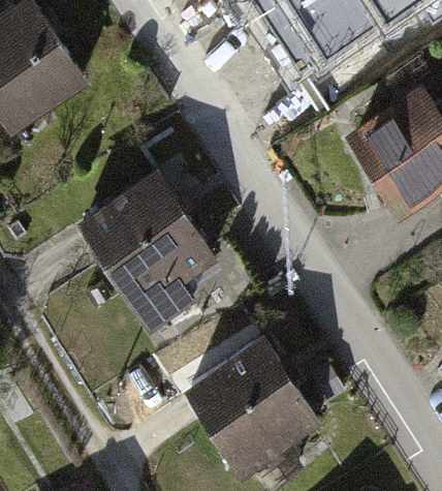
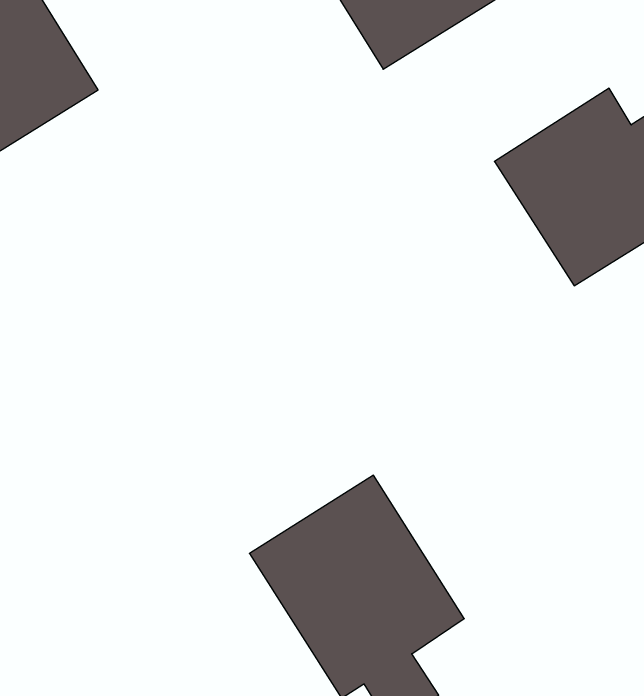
building: [76,165,216,330] -> none

